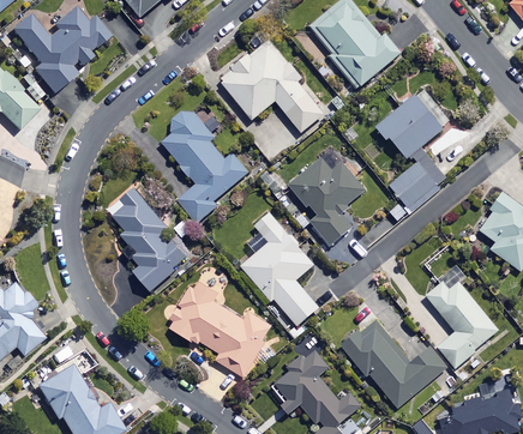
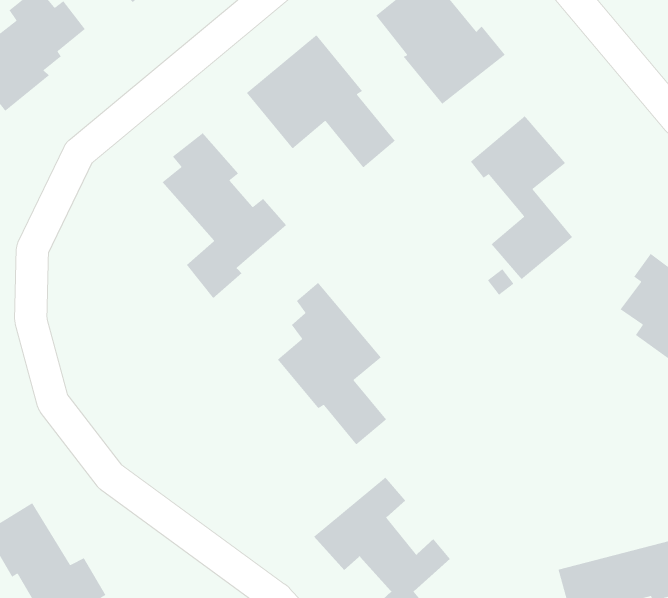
building: [289,157,365,245] -> none
building: [108,187,187,290] -> none
building: [166,278,271,376] -> none
building: [426,281,497,367] -> none
building: [339,319,446,408] -> none

